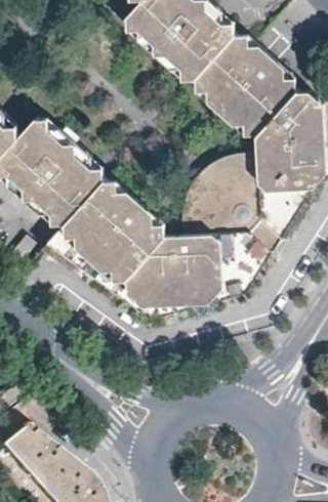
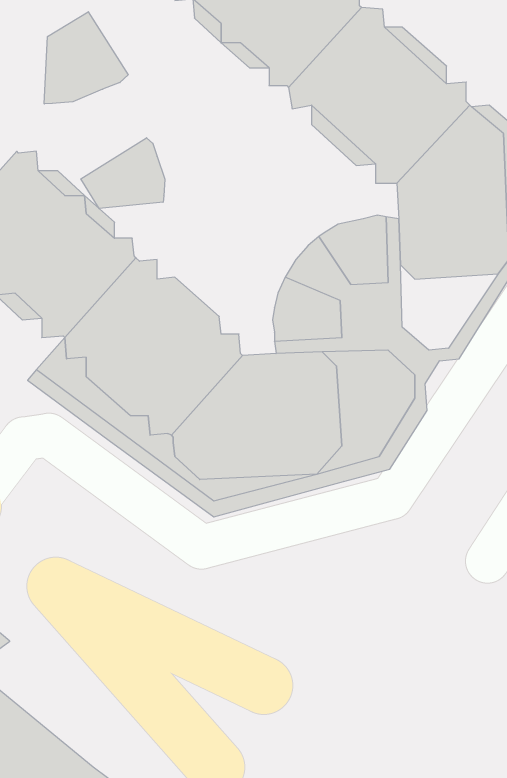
building: none -> [44,12,128,104]
building: none -> [81,138,165,209]
building: [258,178,315,227] -> none

